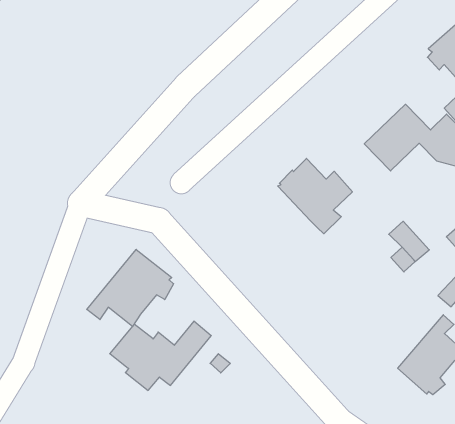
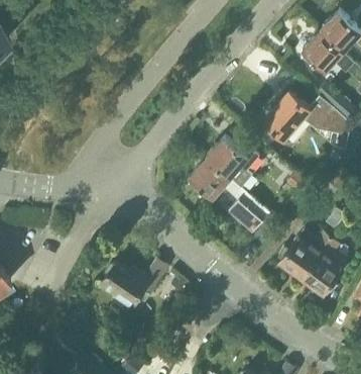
building: none -> [189,158,271,233]
building: [87,249,174,326] -> none
building: none -> [279,229,331,277]

